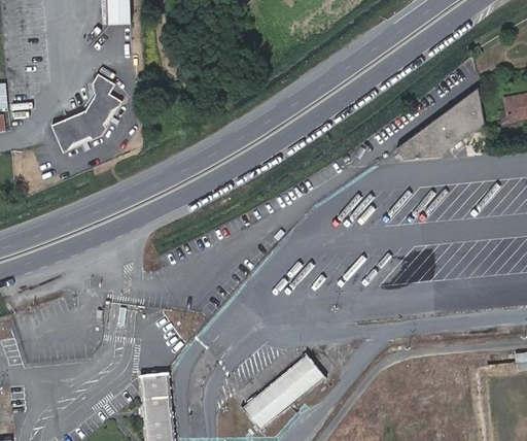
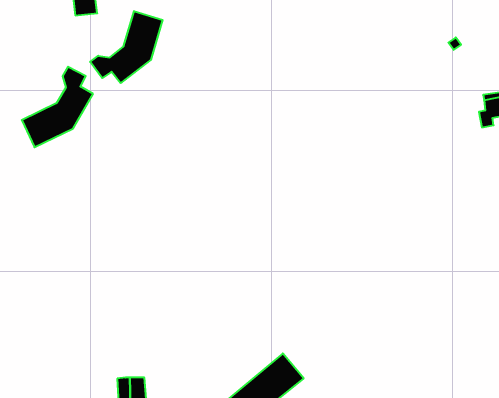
building: none -> [90,11,163,83]
building: [393,90,485,159] -> none

